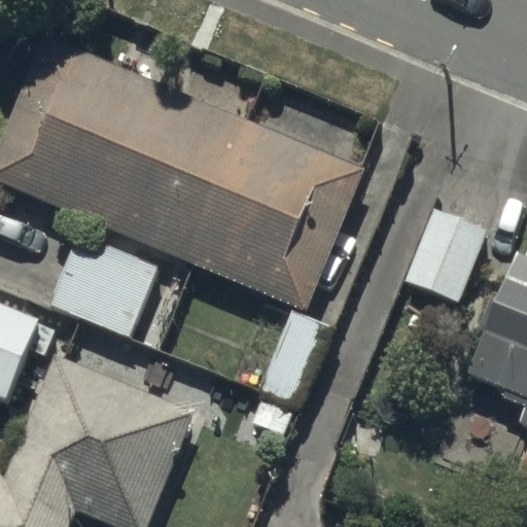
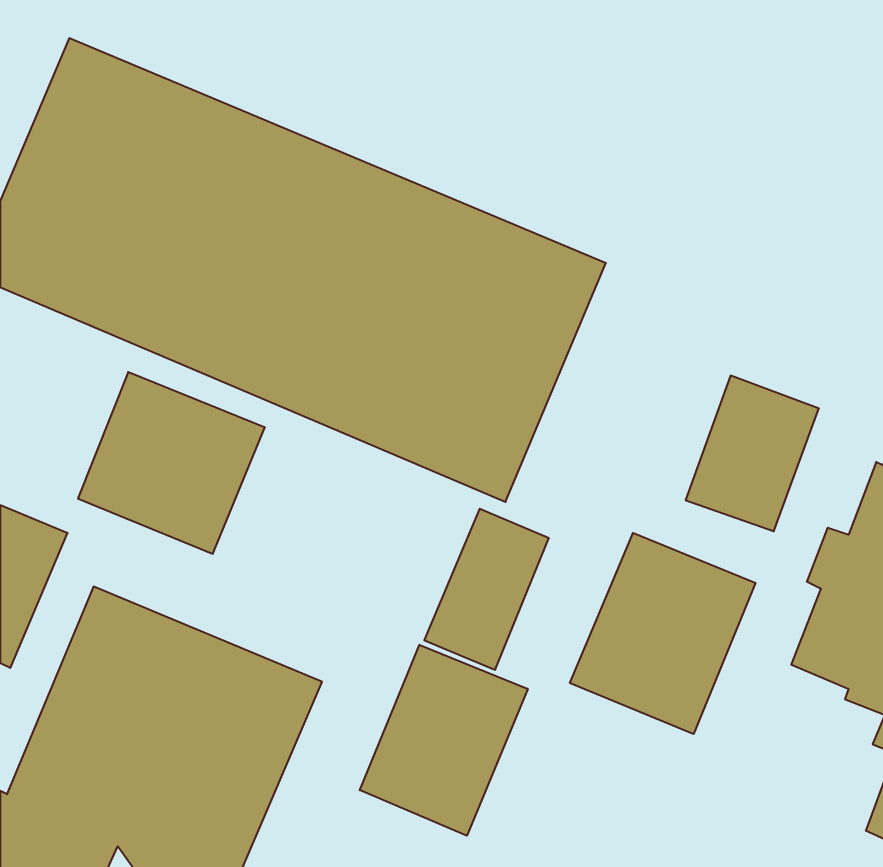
building: none -> [570,533,755,734]
building: none -> [360,645,528,836]

